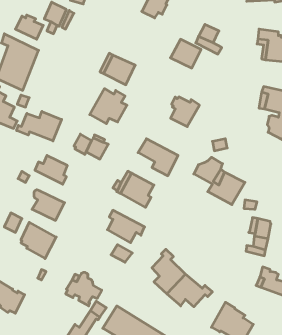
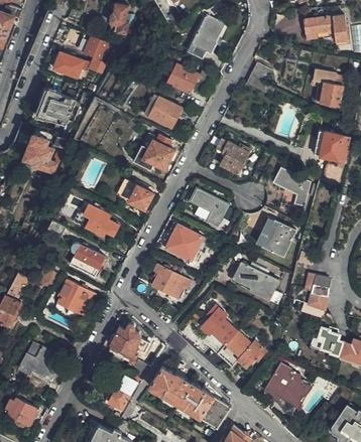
building: [170,39,201,68] -> [167,61,201,93]
building: [17,111,62,141] -> none
building: none -> [274,166,312,206]
building: none -> [234,263,277,299]

